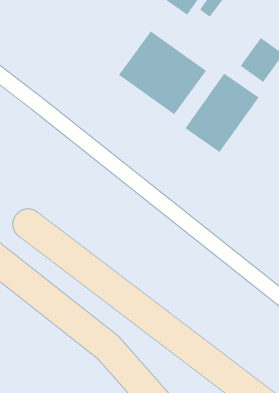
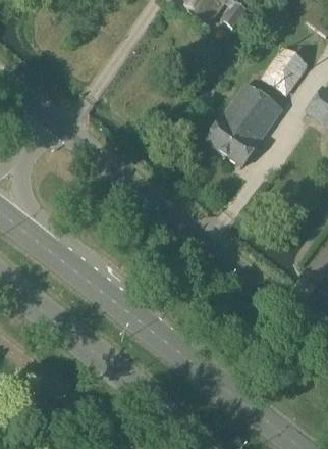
building: [118,30,207,115] -> none

